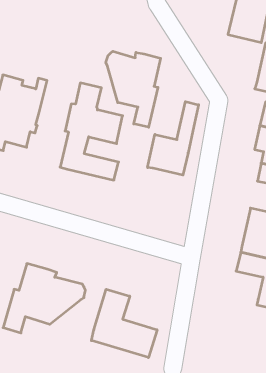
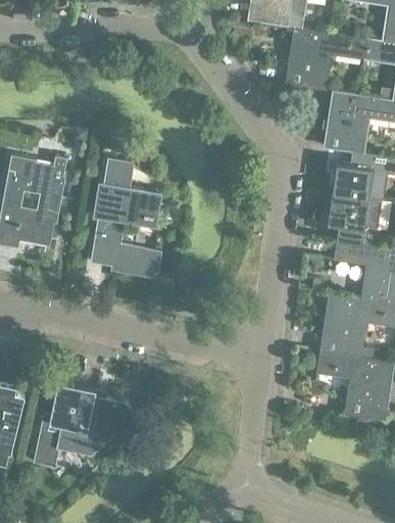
building: [106,51,161,127] -> none
building: [148,102,199,175] -> none
building: [91,289,157,358] -> none

